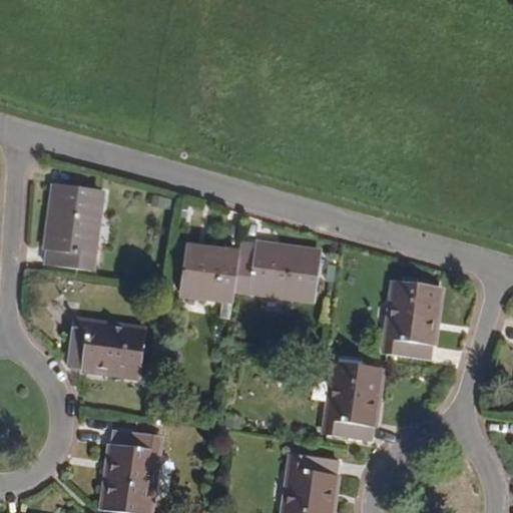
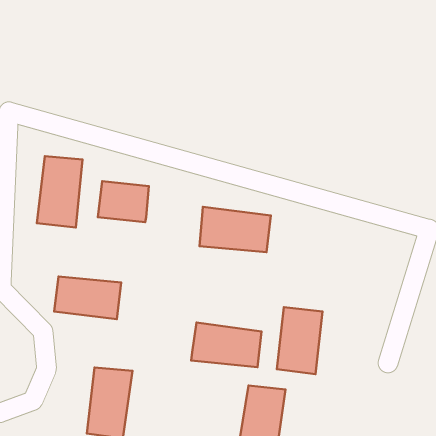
building: [180,248,239,297] -> [98,181,149,222]
building: [387,283,439,360] -> none
building: none -> [191,322,262,367]

